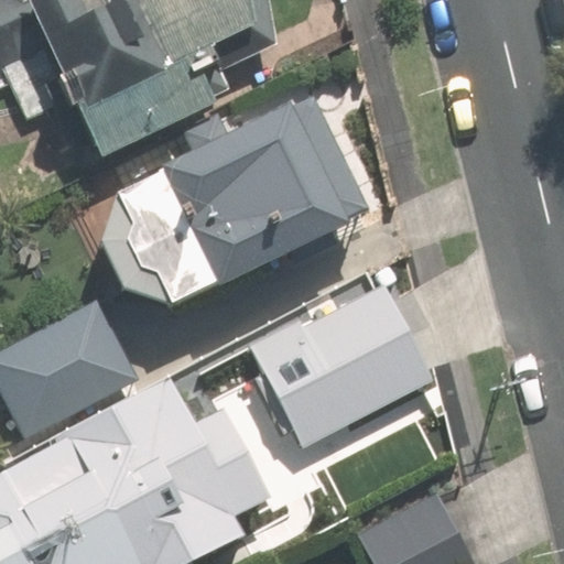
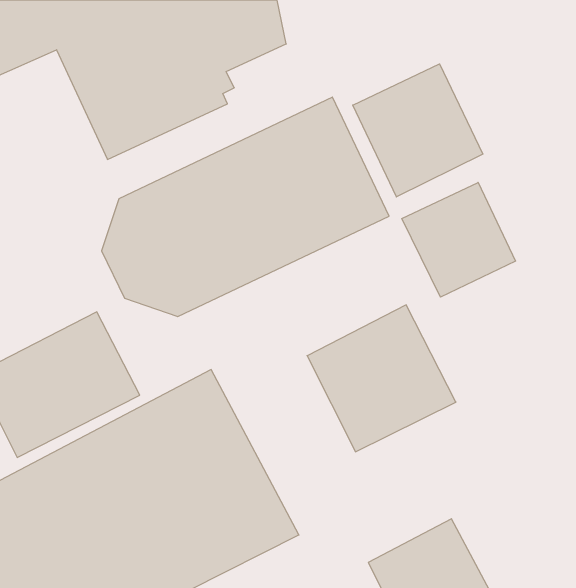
building: none -> [353,64,483,197]
building: none -> [402,182,515,297]

